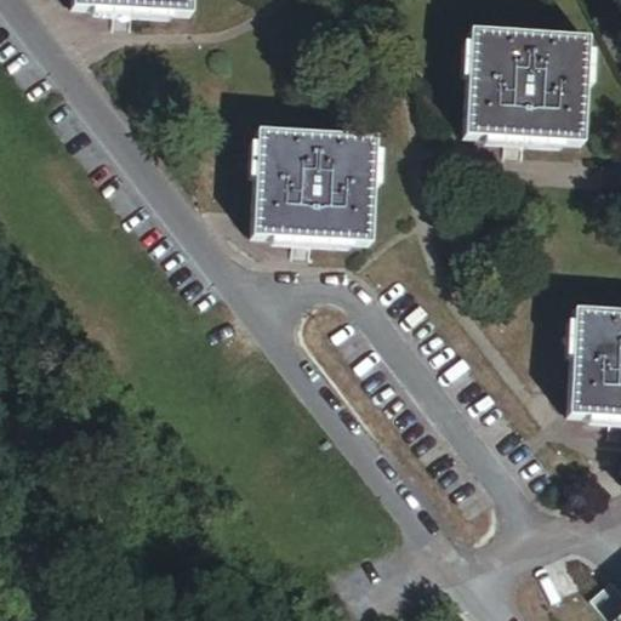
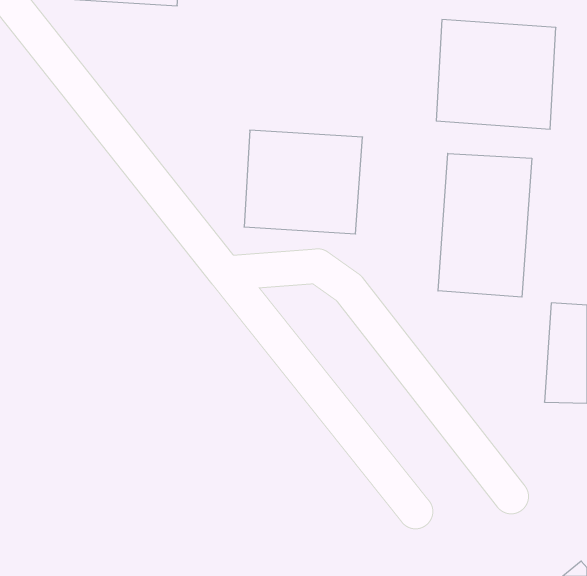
building: none -> [438,153,532,297]

